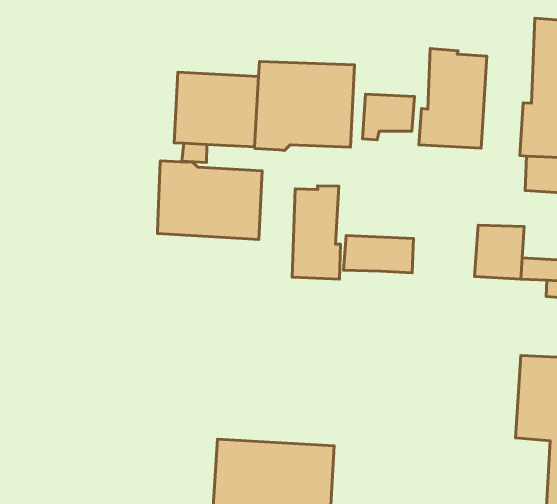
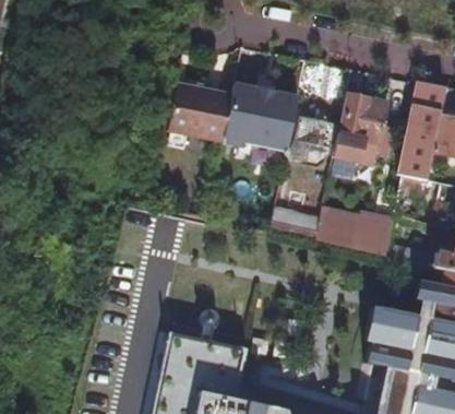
building: [158,161,262,240] -> none
building: [292,186,341,279] -> none
building: none -> [315,215,361,249]

